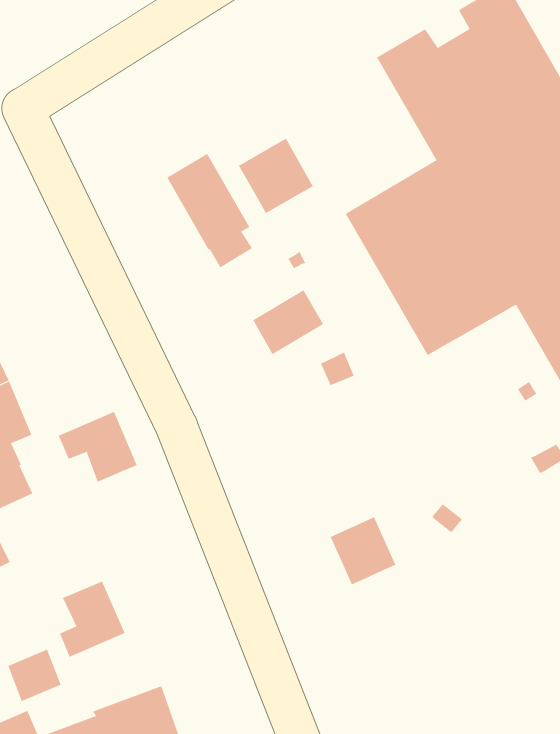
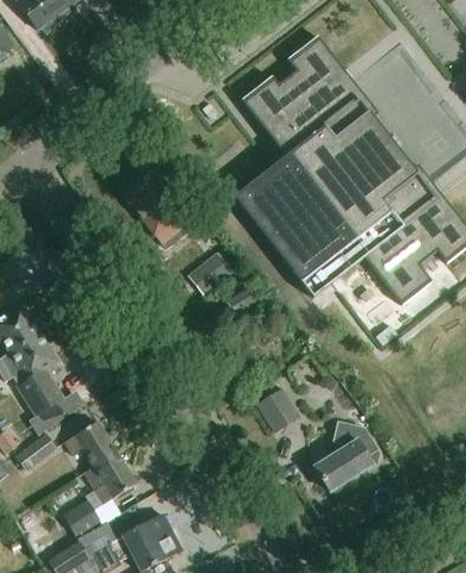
building: [238,138,314,214] -> none
building: [57,411,137,482] -> [63,418,117,465]
building: none -> [315,419,378,491]

